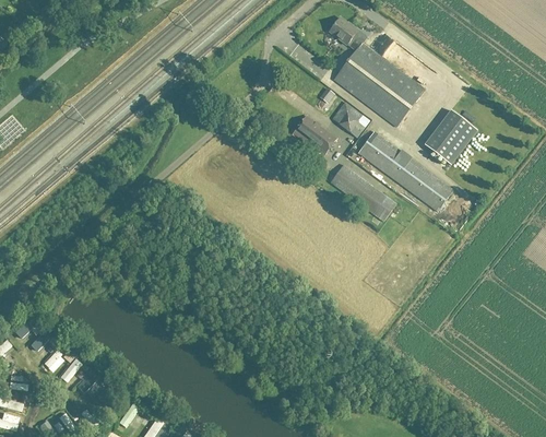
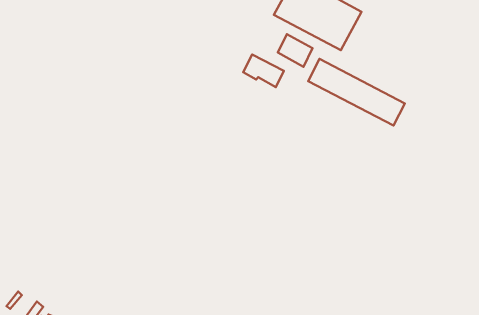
building: [426,108,478,163] -> none
building: [329,164,395,221] -> none

